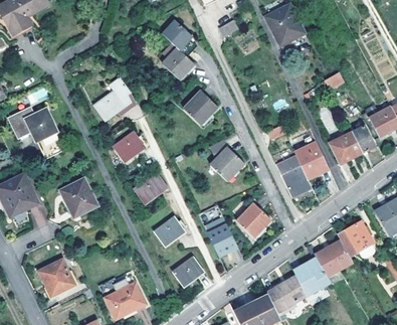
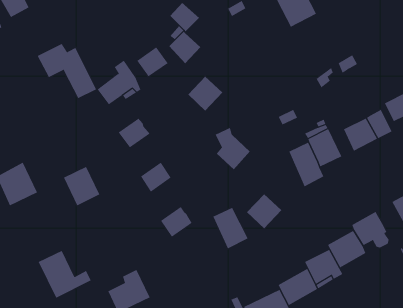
building: none -> [136,47,168,77]
building: [7,106,64,159] -> [37,43,97,99]
building: [174,257,205,287] -> none

